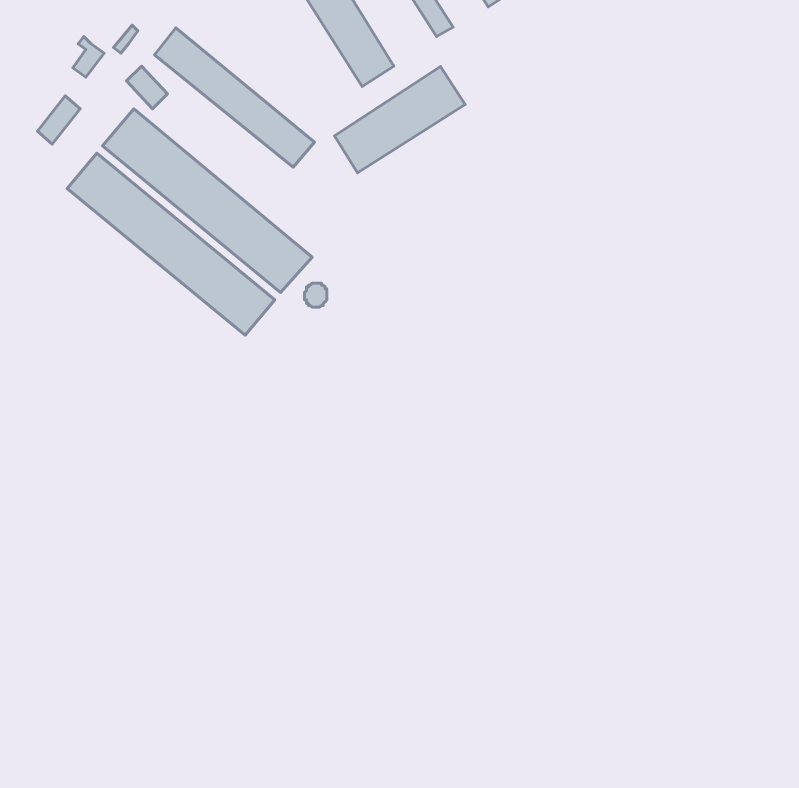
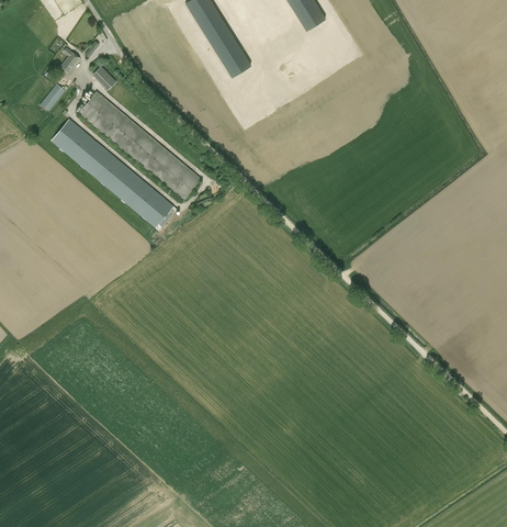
building: [154,28,314,167] -> none
building: [334,67,465,173] -> none

